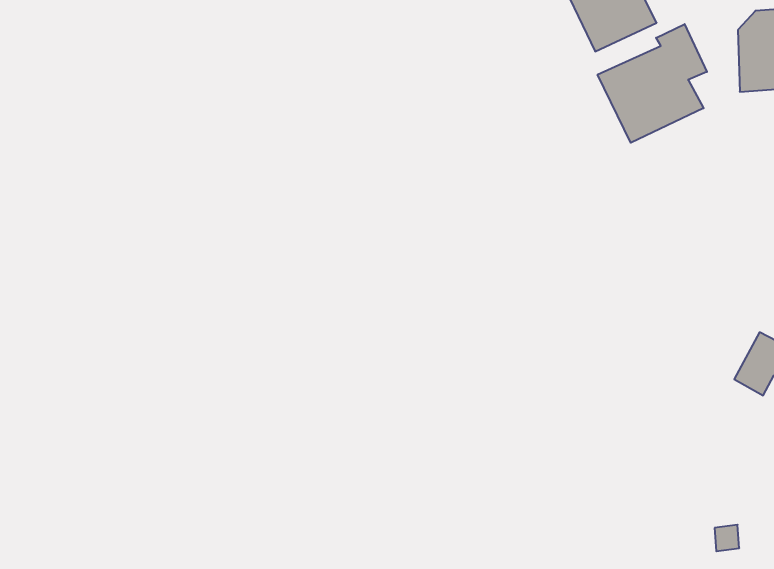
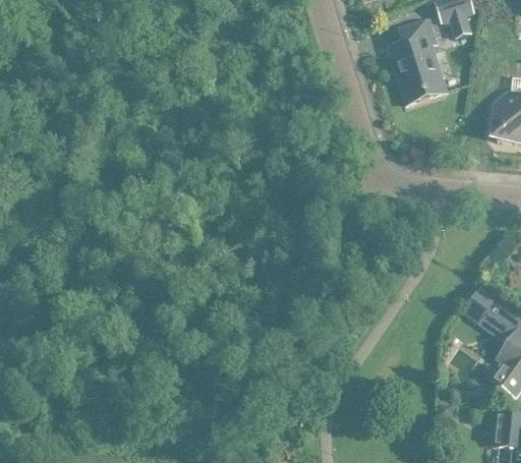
building: [598,24,707,143] -> none

